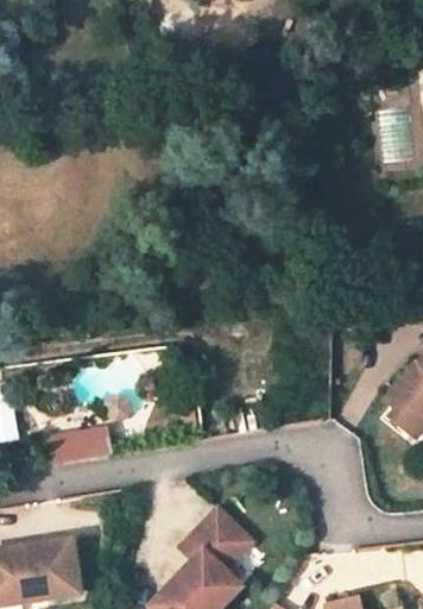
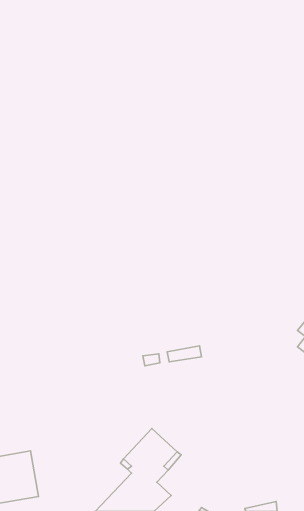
building: [43,429,106,463] -> none

